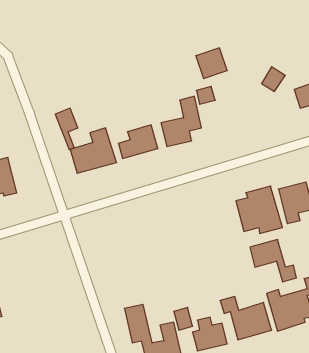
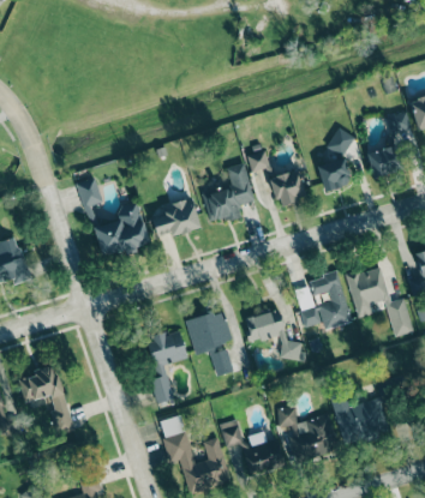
building: [196,48,227,79] -> [269,169,307,206]
building: none -> [318,157,352,191]
building: none -> [186,310,234,376]
building: none -> [142,329,187,402]
building: [250,239,296,282] -> [245,308,301,360]
building: none -> [18,364,73,436]

